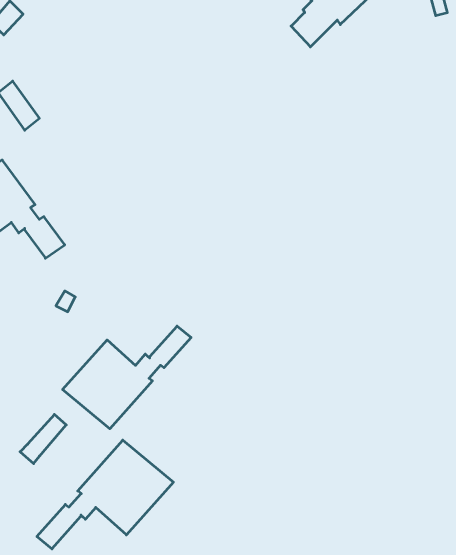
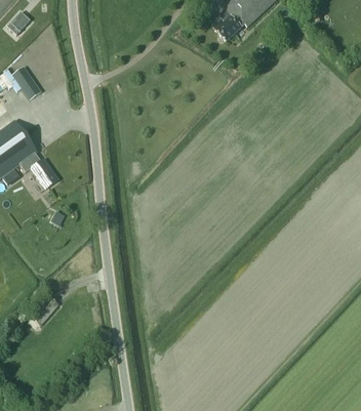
building: [63,326,191,429] -> none
building: [37,440,173,549] -> none

